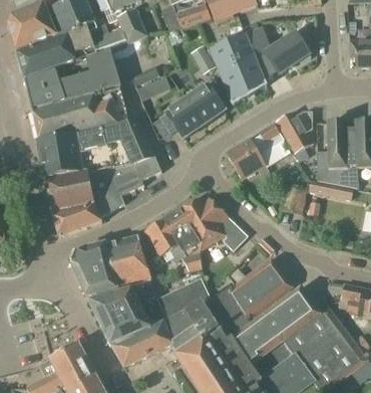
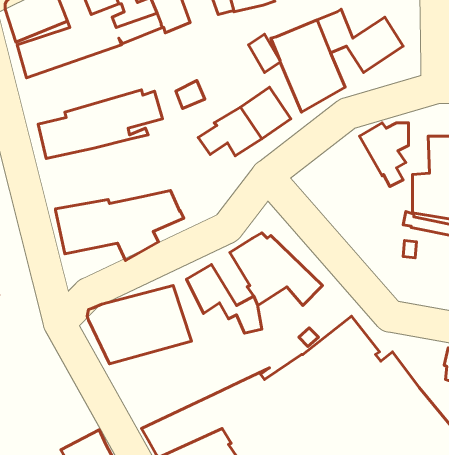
building: [25,50,120,113] -> none
building: [39,116,160,179] -> none
building: [226,123,284,179] -> none
building: [53,203,101,236] -> none
building: [164,210,197,250] -> none
building: [158,276,211,318] -> none
building: [87,287,149,345] -> none

